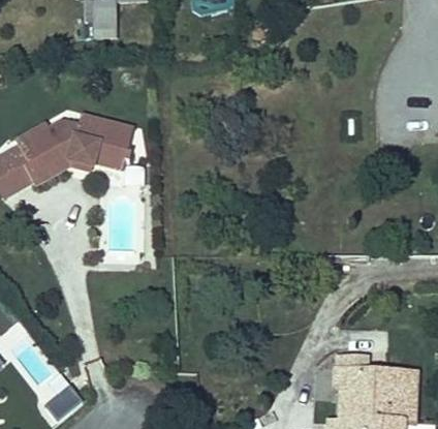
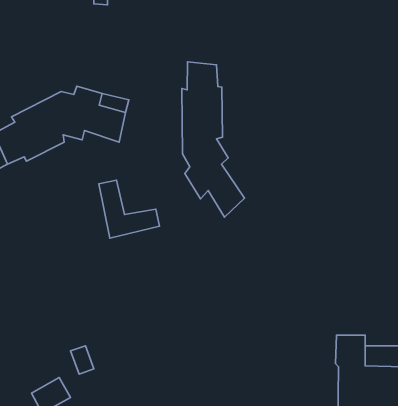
building: none -> [182,62,244,217]
building: none -> [99,180,159,238]

